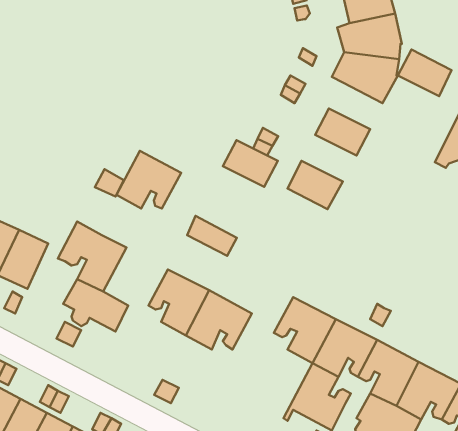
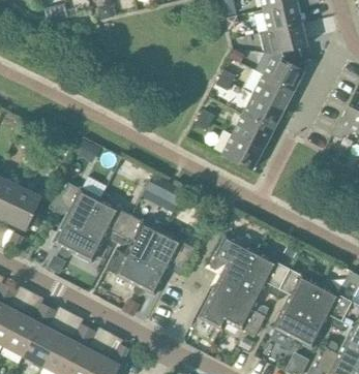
building: [398,49,451,96] -> [252,75,293,111]
building: [223,140,278,187] -> [232,115,273,150]
building: [117,151,181,209] -> [83,199,131,243]
building: none -> [106,250,164,297]
building: none -> [200,276,240,328]

